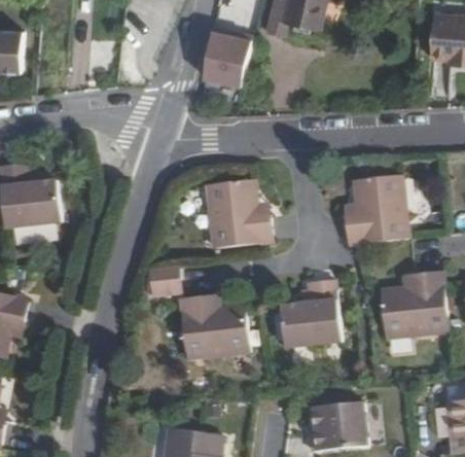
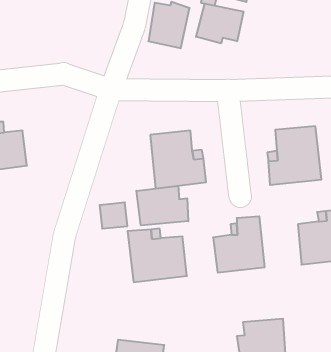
building: none -> [196,4,243,43]
building: none -> [136,186,188,225]

